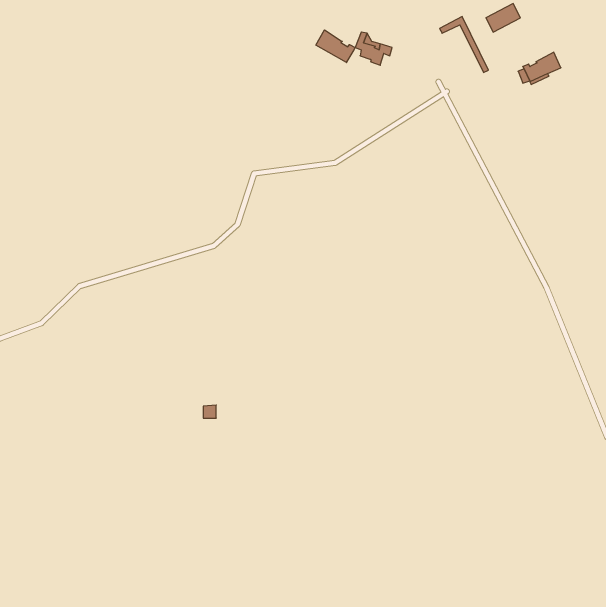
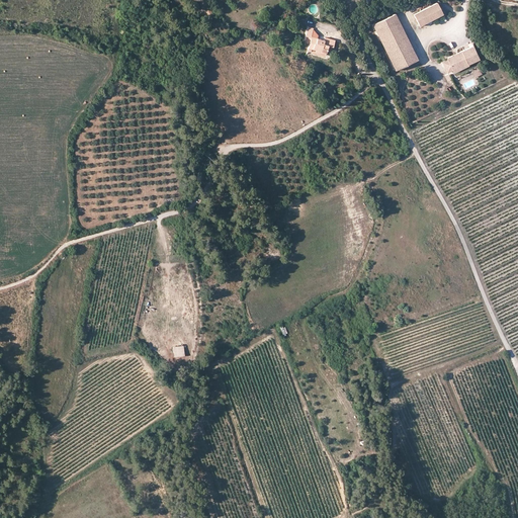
building: none -> [377,21,413,69]
building: [316,30,355,63] -> none

